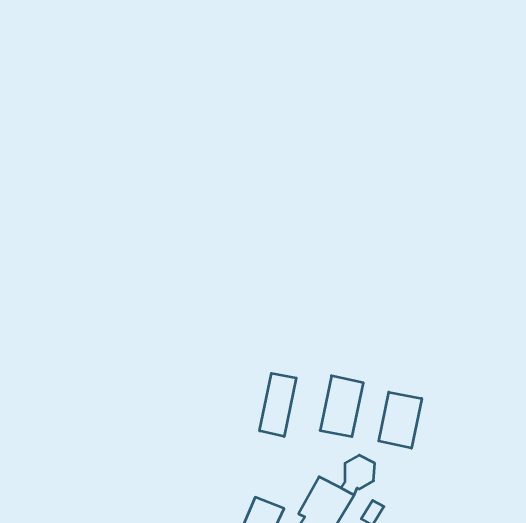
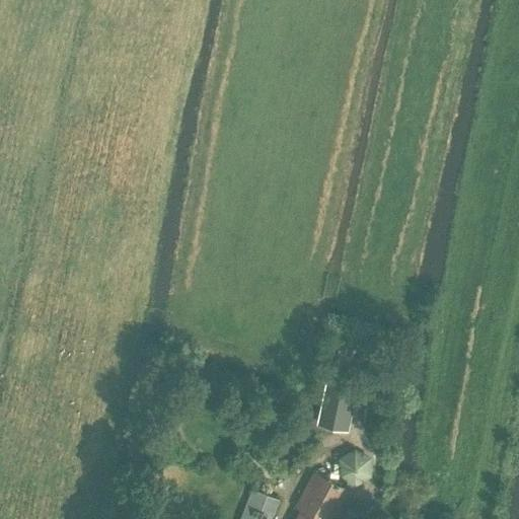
building: [260,373,296,437] -> none
building: [379,392,422,448] -> none

